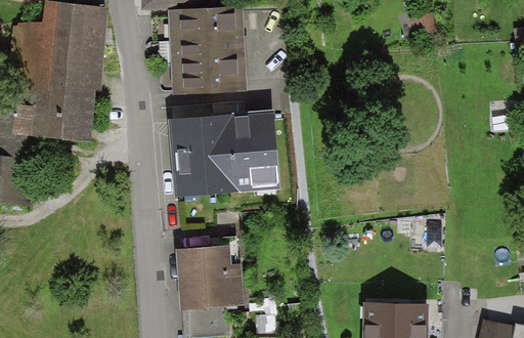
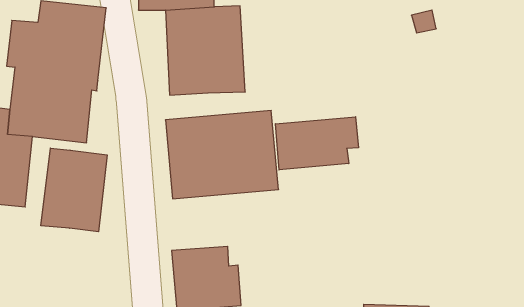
building: none -> [275,117,358,170]
building: none -> [41,148,107,232]

